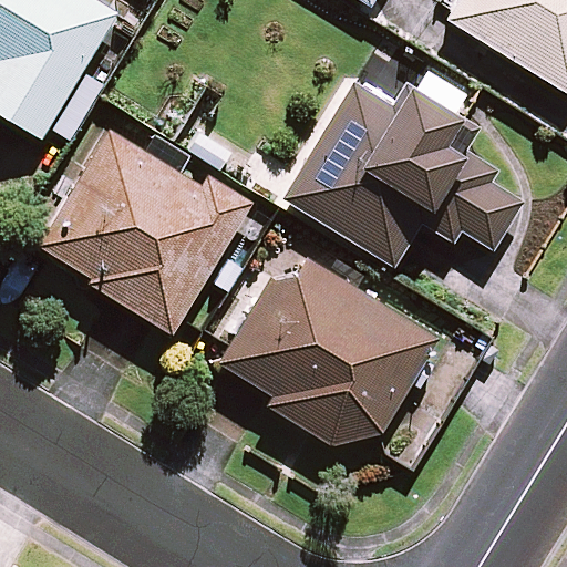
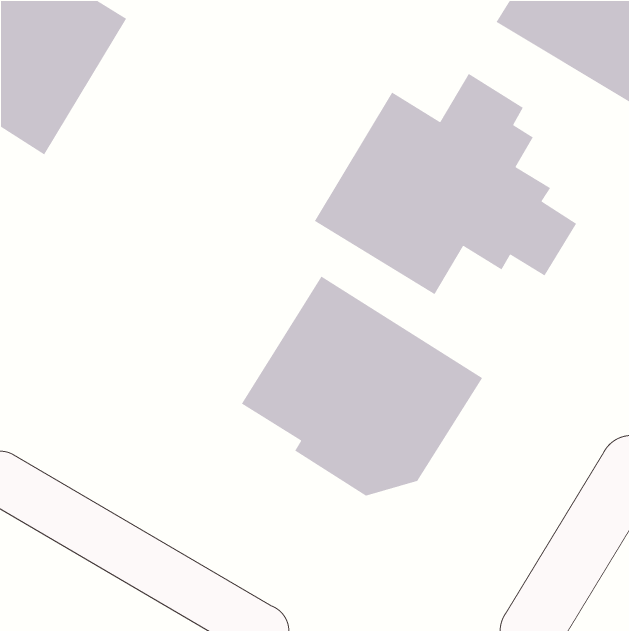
building: [38,123,254,336] -> none

